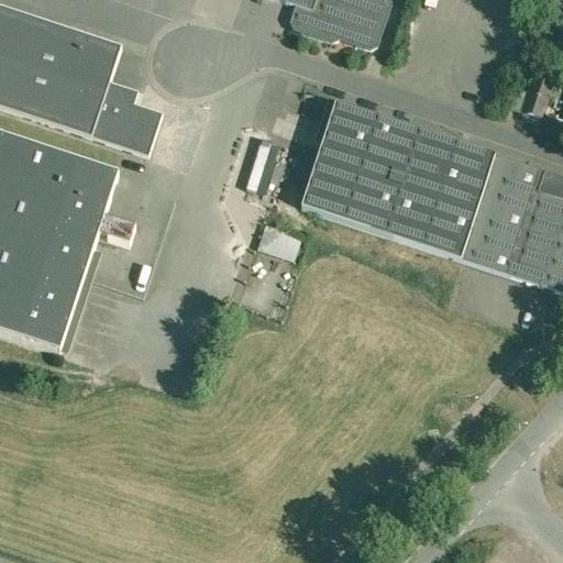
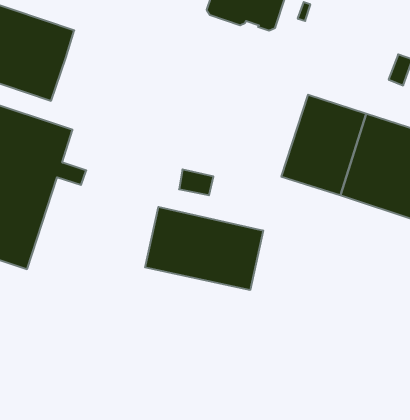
building: [90,80,161,154] -> none
building: [301,100,419,232] -> none
building: none -> [145,207,263,290]

